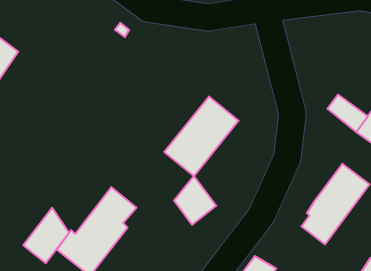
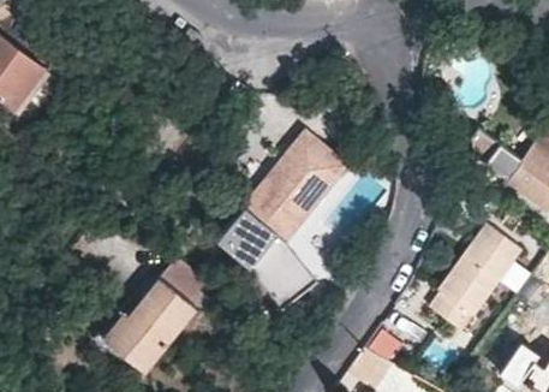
building: none -> [220,207,286,272]
building: [23,208,69,263] -> none

